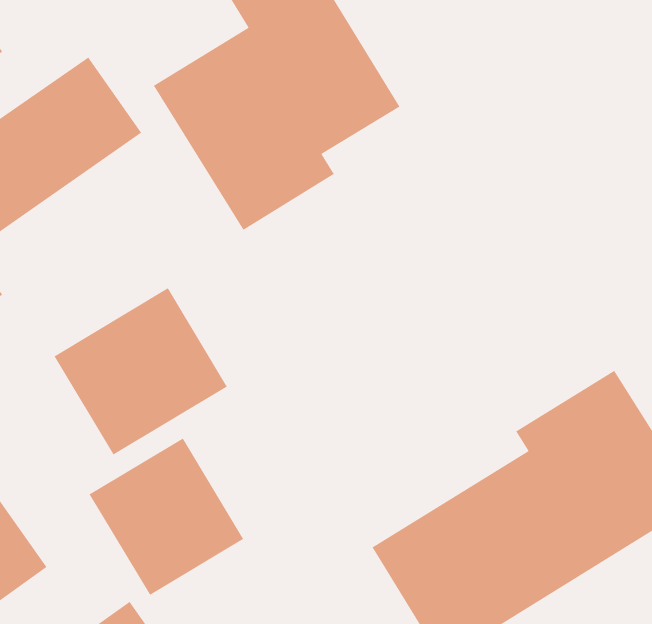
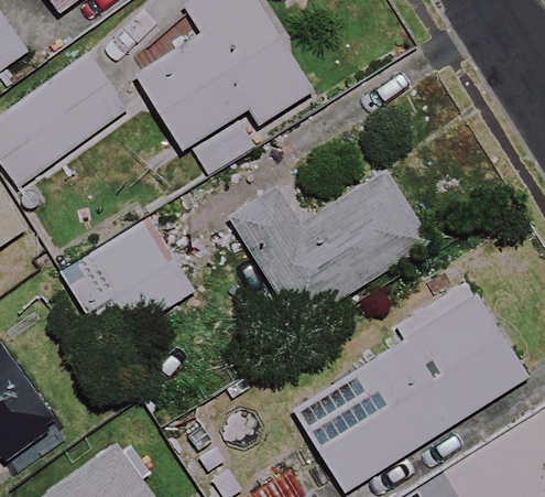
building: none -> [231,166,432,324]
building: [89,437,244,596] -> none

